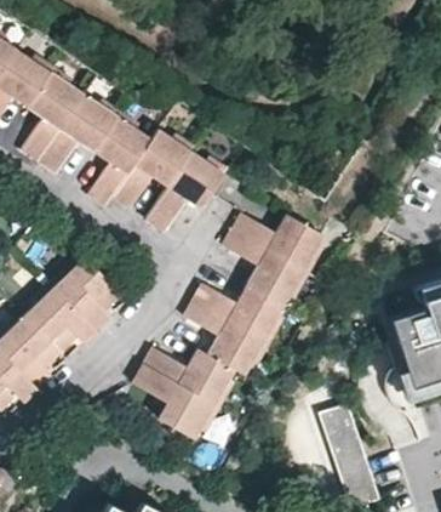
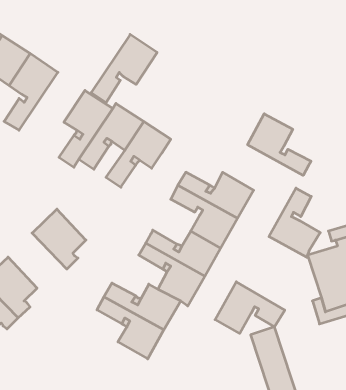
building: [38,92,118,175] -> [91,34,157,102]
building: none -> [248,114,311,175]
building: none -> [269,188,320,257]
building: [24,288,96,354] -> none
building: none -> [215,282,285,333]

